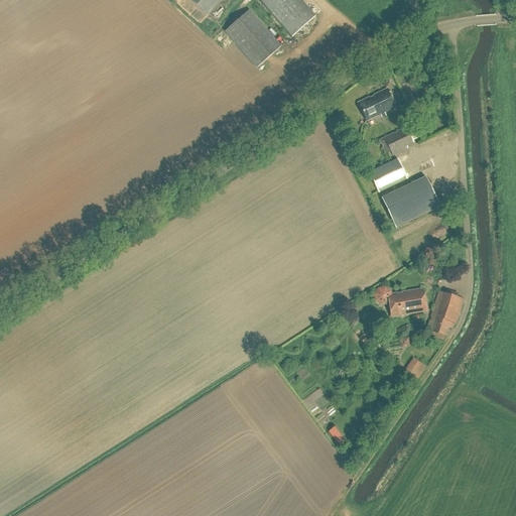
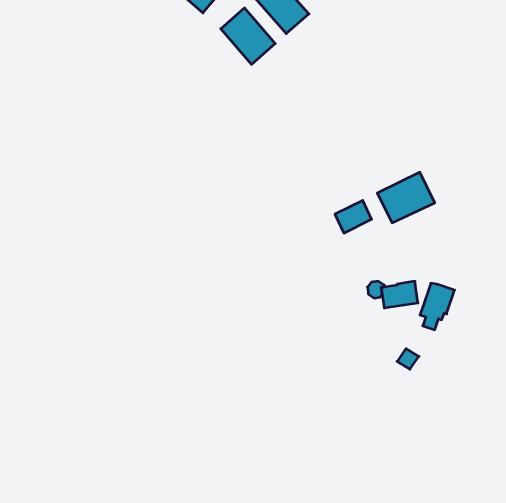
building: [359,87,395,119] -> none
building: [376,124,413,154] -> none
building: [371,157,408,190] -> [335,200,372,233]

